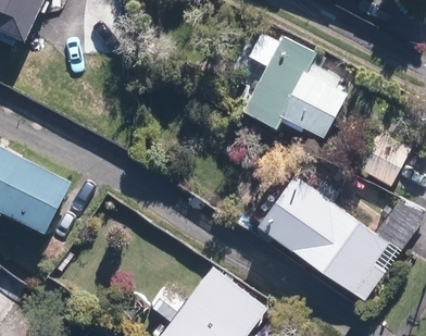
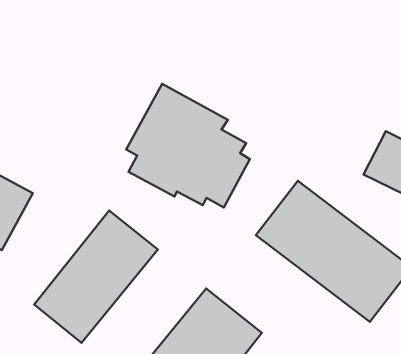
building: [236,25,344,134] -> [126,84,250,208]
building: none -> [34,210,158,343]

